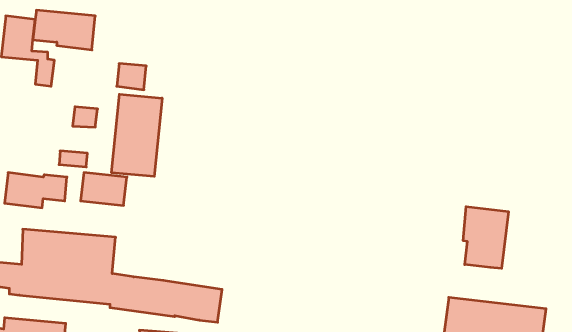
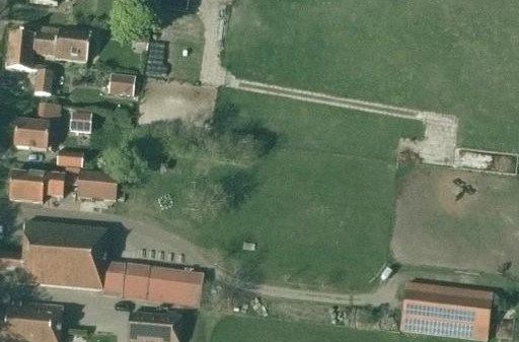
building: [112,94,162,176] -> none
building: none -> [14,104,59,148]
building: [463,207,508,268] -> none

